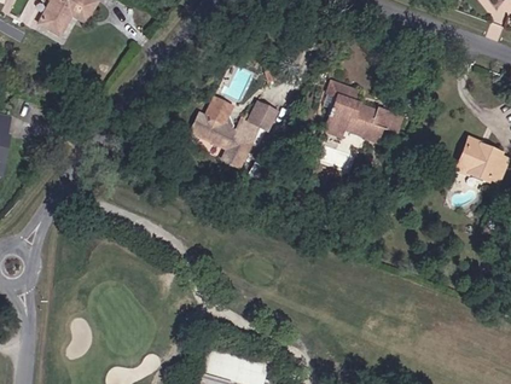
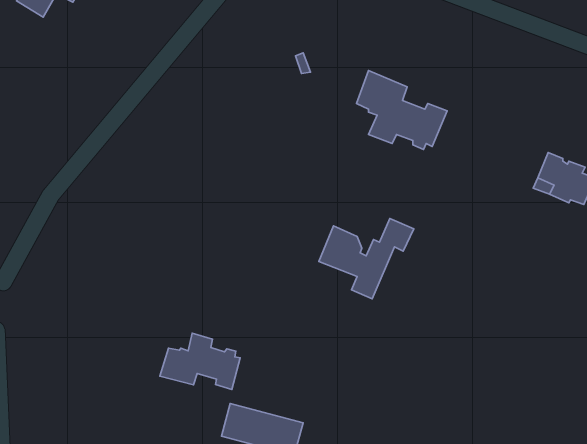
building: [199,106,277,171] -> [319,219,414,299]
building: none -> [160,333,240,389]

